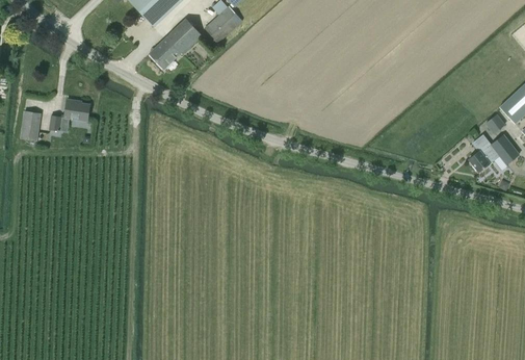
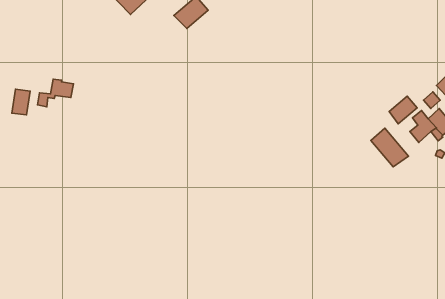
building: [150,18,202,68] -> none
building: none -> [389,96,417,124]
building: none -> [371,128,408,167]

